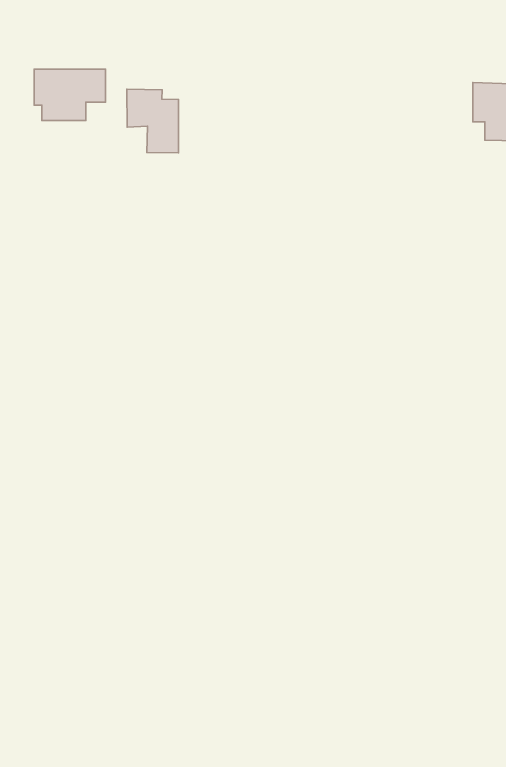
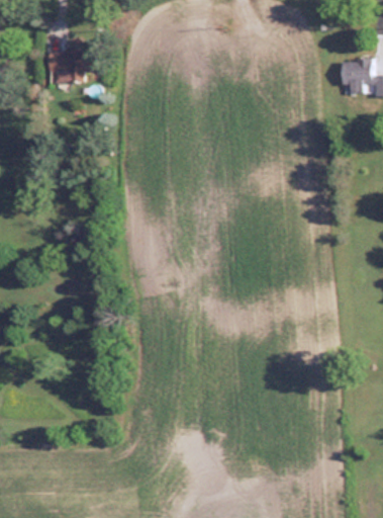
building: [127,89,178,153] -> none

